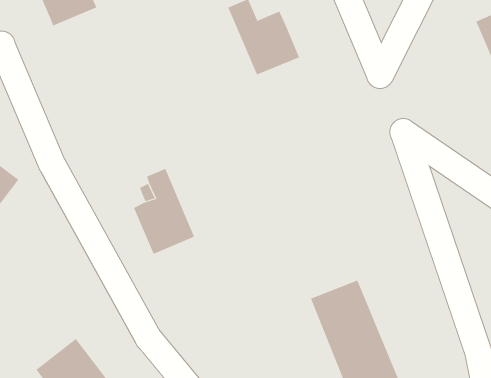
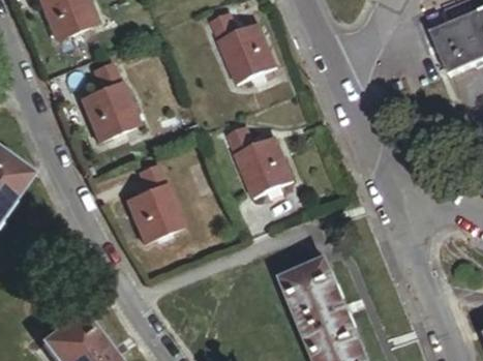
building: none -> [81,61,137,139]
building: none -> [227,127,291,194]

